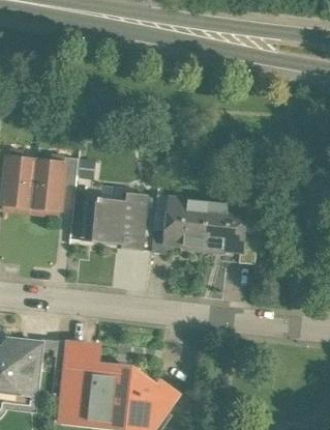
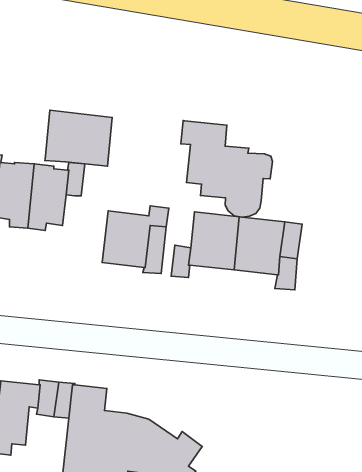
building: none -> [45,110,112,166]
building: none -> [181,120,272,217]

